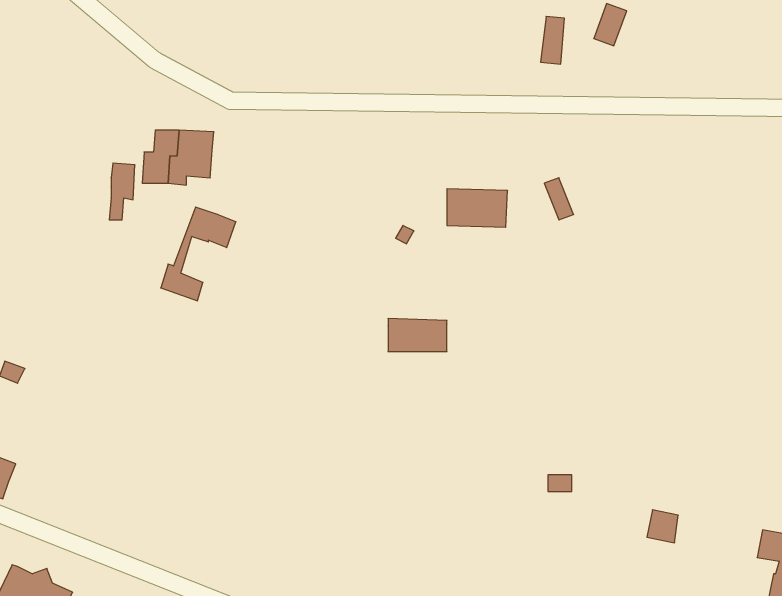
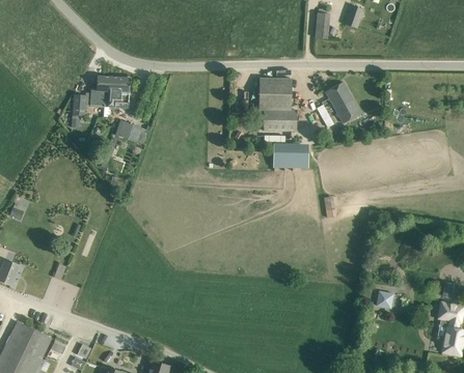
building: none -> [257,79,290,111]
building: none -> [325,82,360,123]
building: [388,319,447,352] -> [273,146,306,165]

